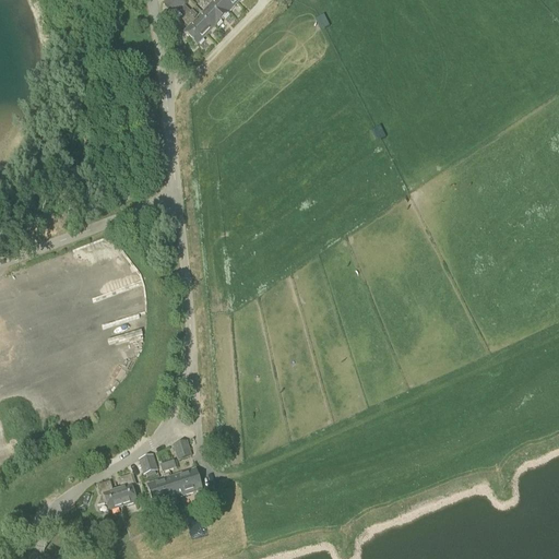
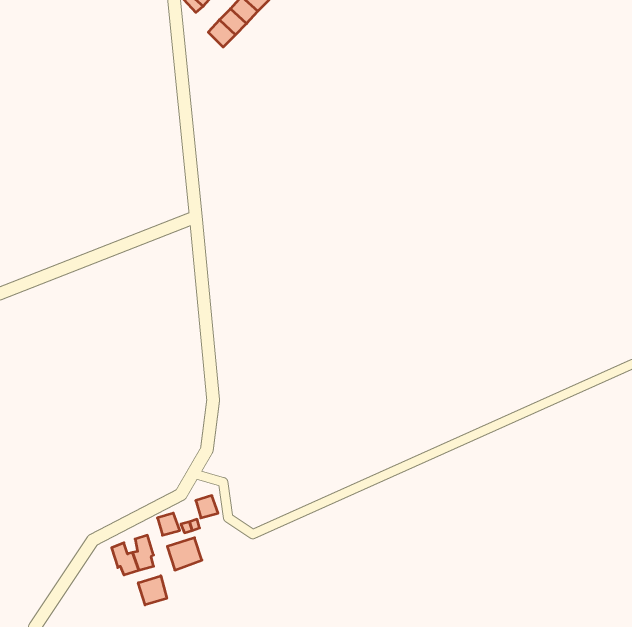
building: [171,466,202,493] -> none
building: none -> [138,576,167,605]

